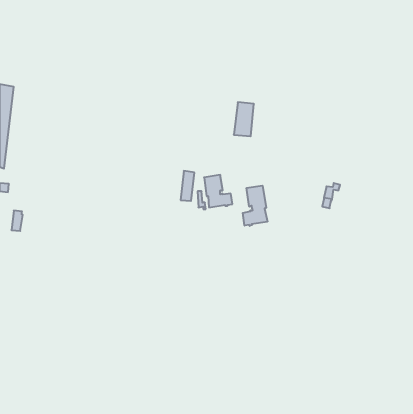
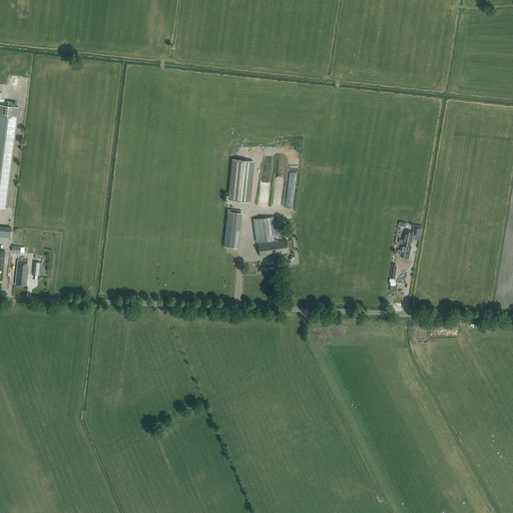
building: [234,102,254,136] -> [227,159,252,201]
building: [243,186,267,226] -> none

